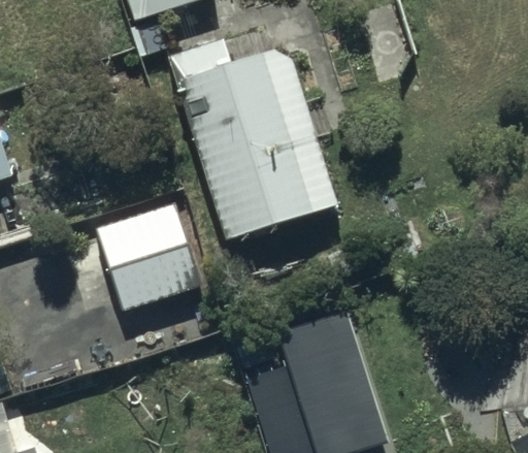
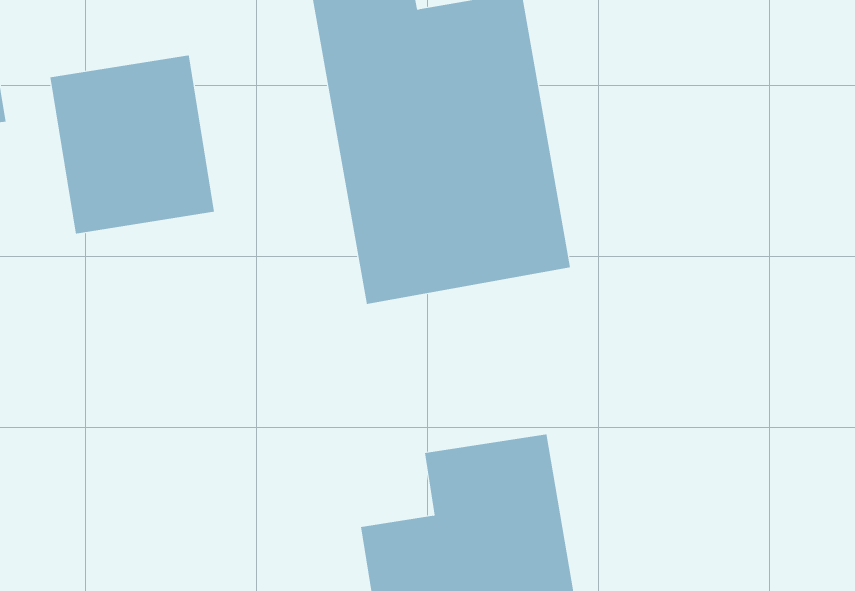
building: [98,201,201,311] -> [50,55,215,234]

